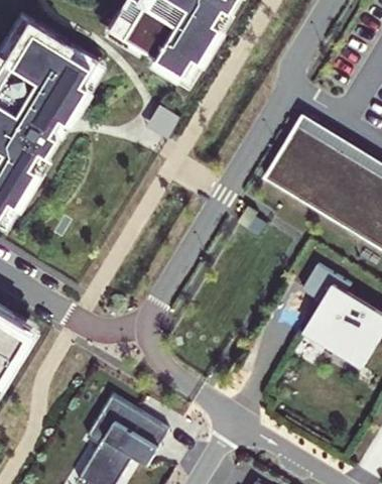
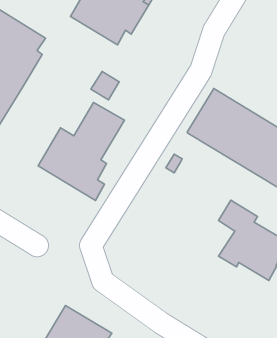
building: none -> [38,102,125,200]

